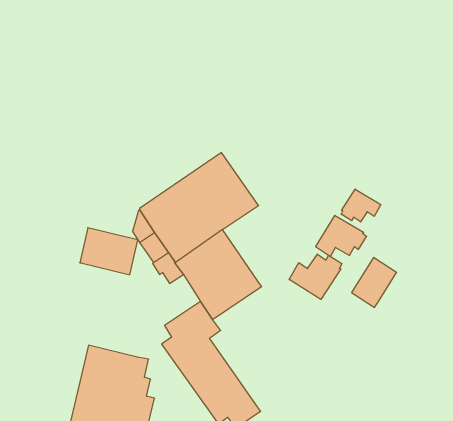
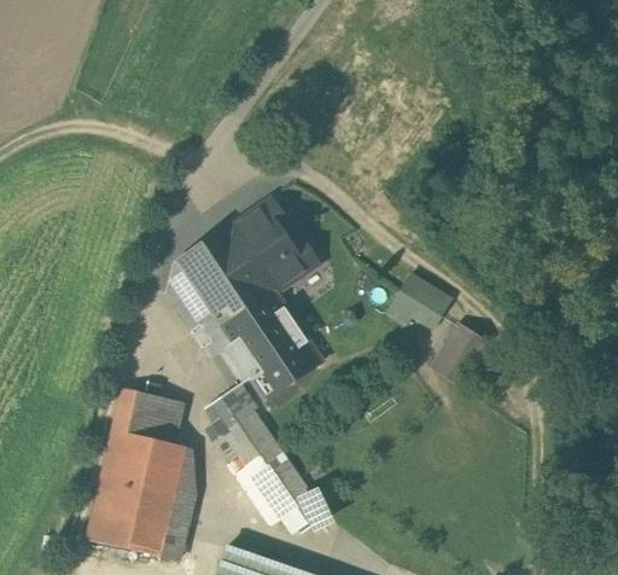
building: [341,189,381,222] -> none
building: [80,228,138,275] -> [113,388,183,445]
building: [289,254,342,299] -> none

